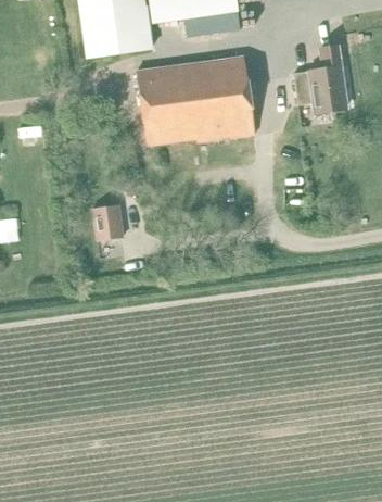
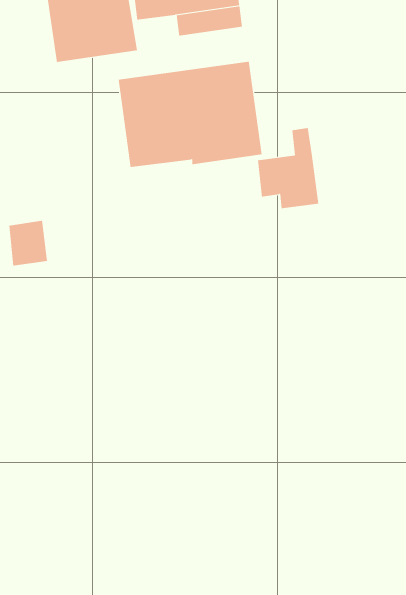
building: [295,47,346,114] -> [257,127,319,209]
building: [91,203,124,241] -> [8,220,48,266]

